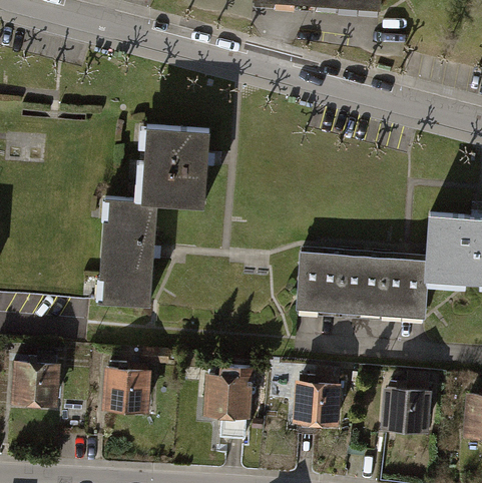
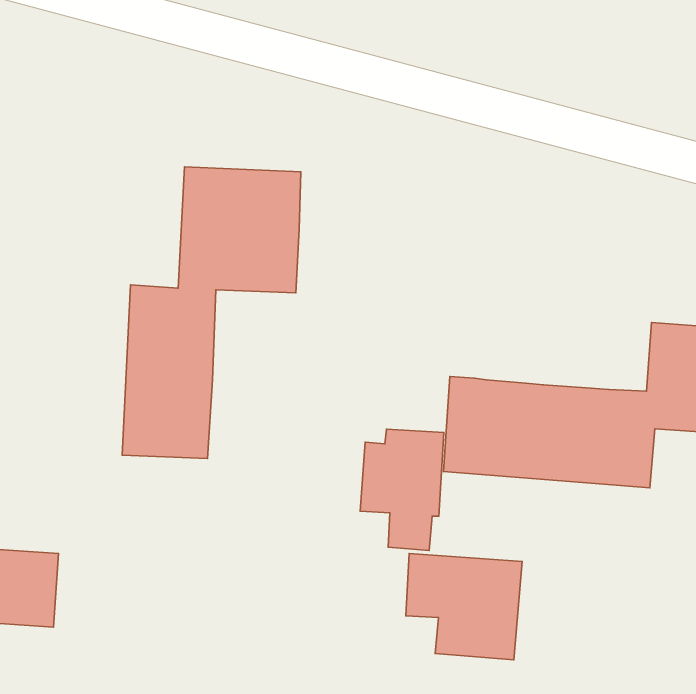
building: [204,365,256,439] -> [360,429,444,550]
building: [103,369,151,413] -> none
building: [382,387,432,432] -> none

